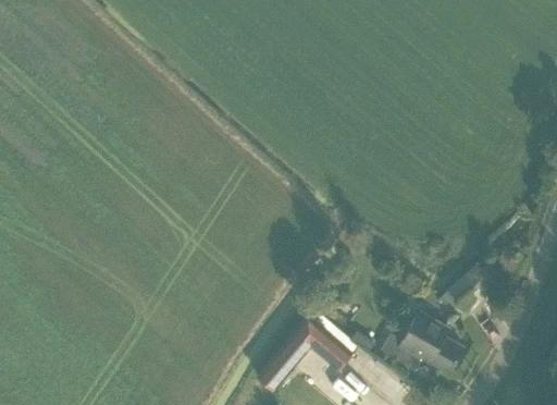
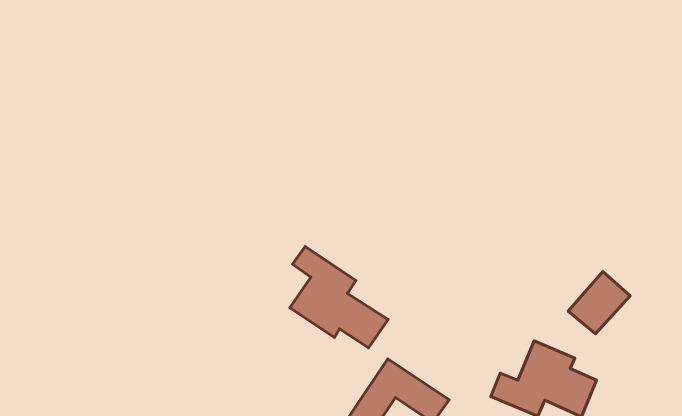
building: none -> [290,247,388,348]

